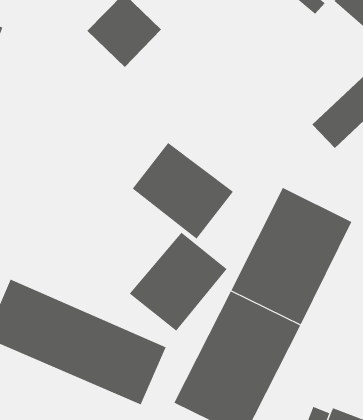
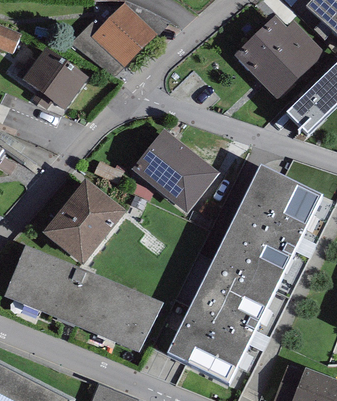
building: none -> [234,15,326,99]
building: none -> [23,48,88,111]
building: [129,232,227,332] -> [41,182,126,268]

